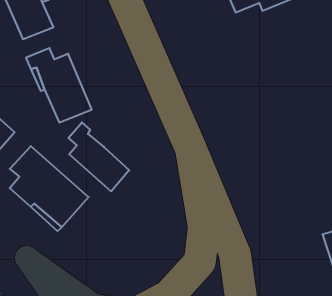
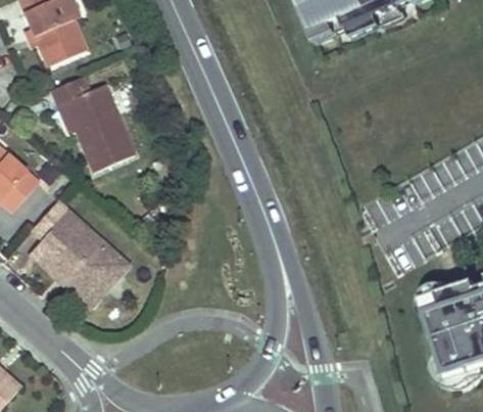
building: [68,122,129,191] -> none

